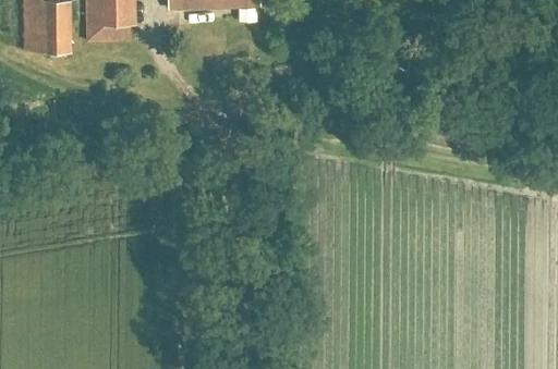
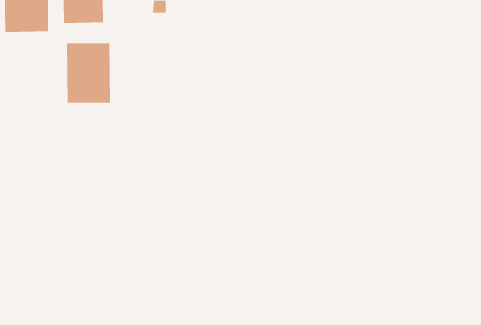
building: none -> [66,42,111,103]

